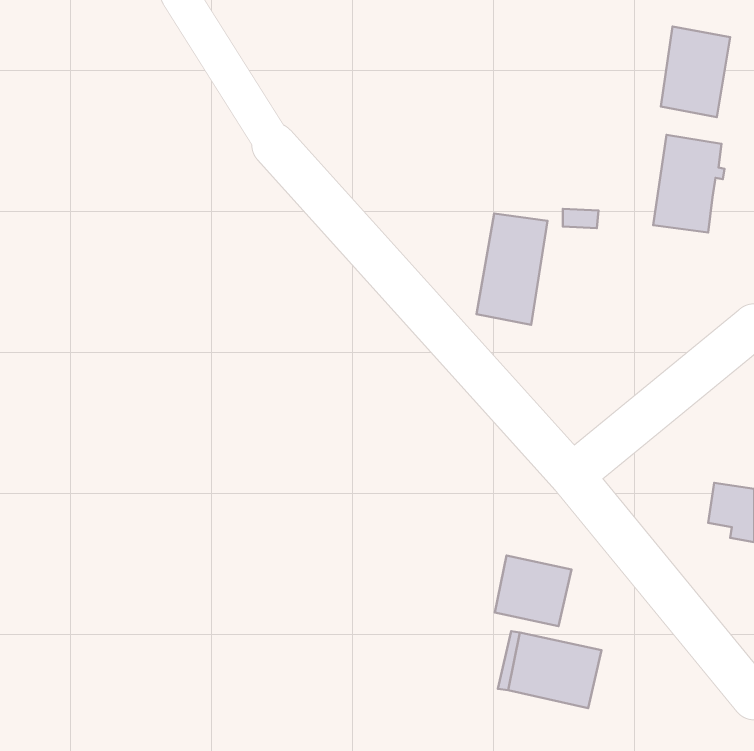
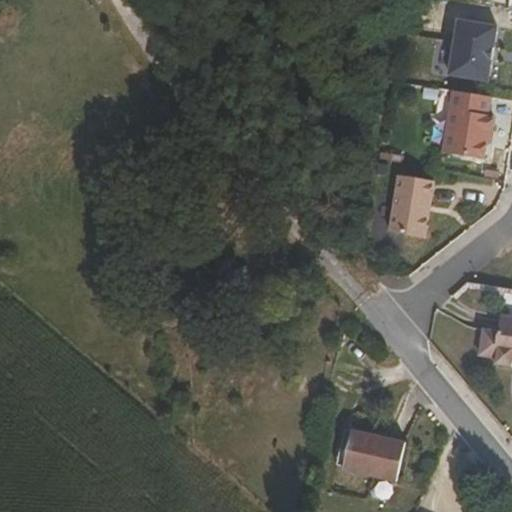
building: [476,214,547,325] -> [390,175,438,250]
building: [495,555,571,626] -> none

